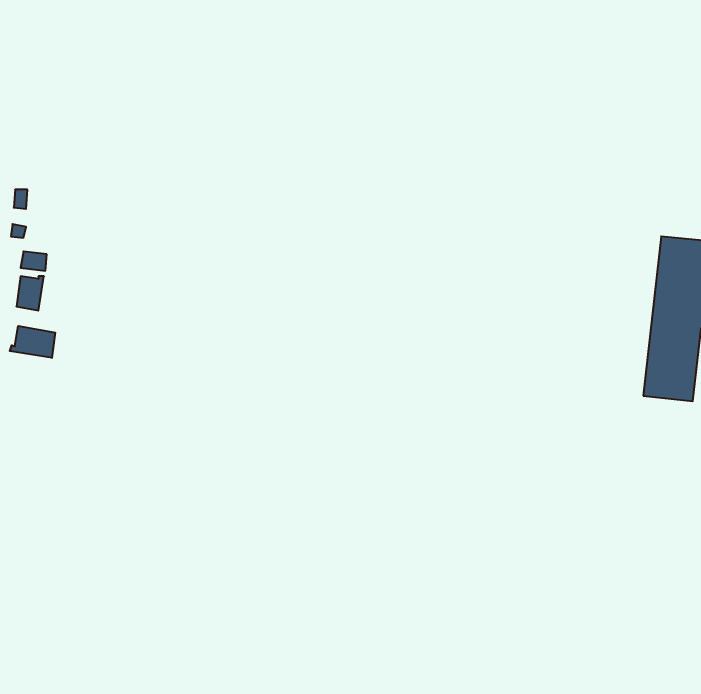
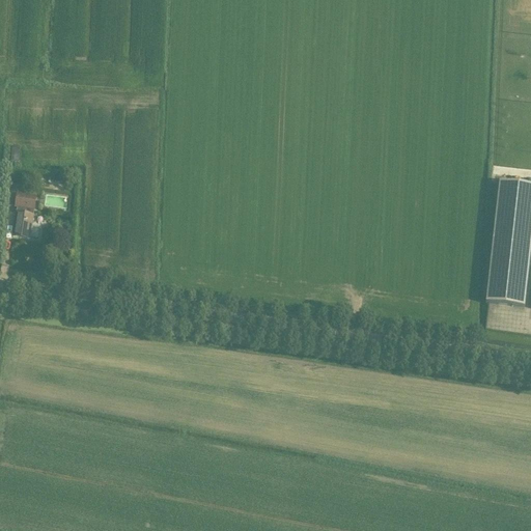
building: [10,326,55,358] -> none

